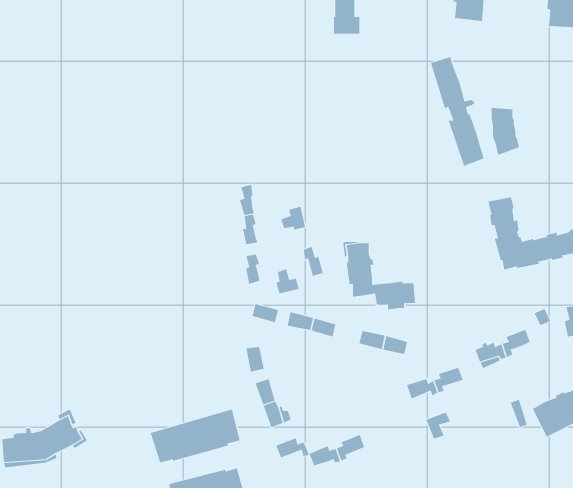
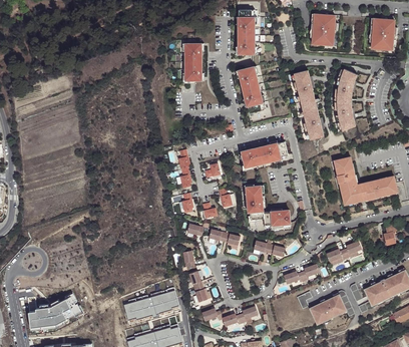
building: none -> [181,41,200,79]
building: none -> [238,66,265,113]
building: none -> [337,69,357,98]
building: none -> [241,141,287,168]
building: none -> [309,295,344,322]

